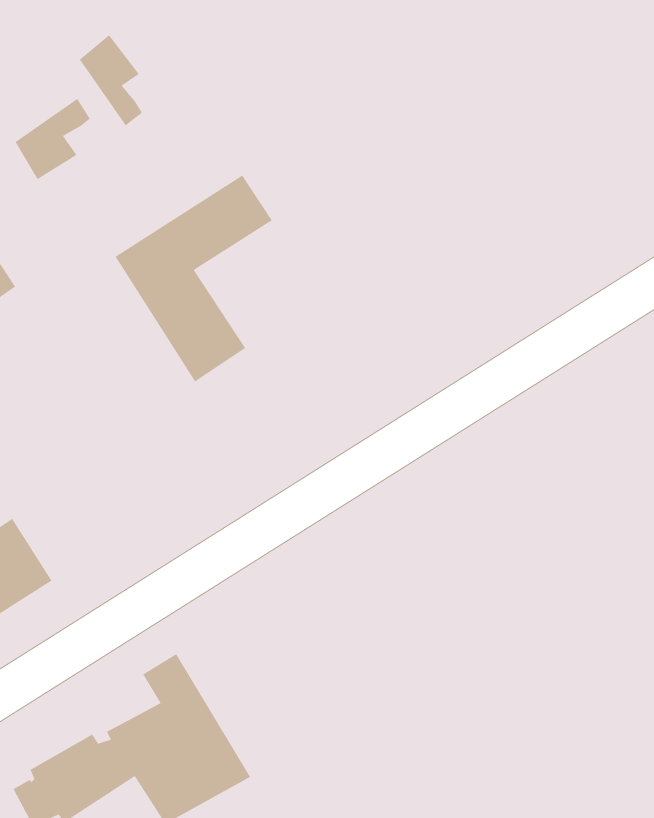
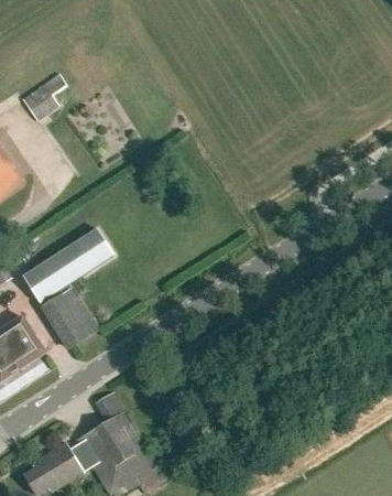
building: [79,34,143,126] -> none
building: [115,175,273,383] -> [21,228,112,348]

